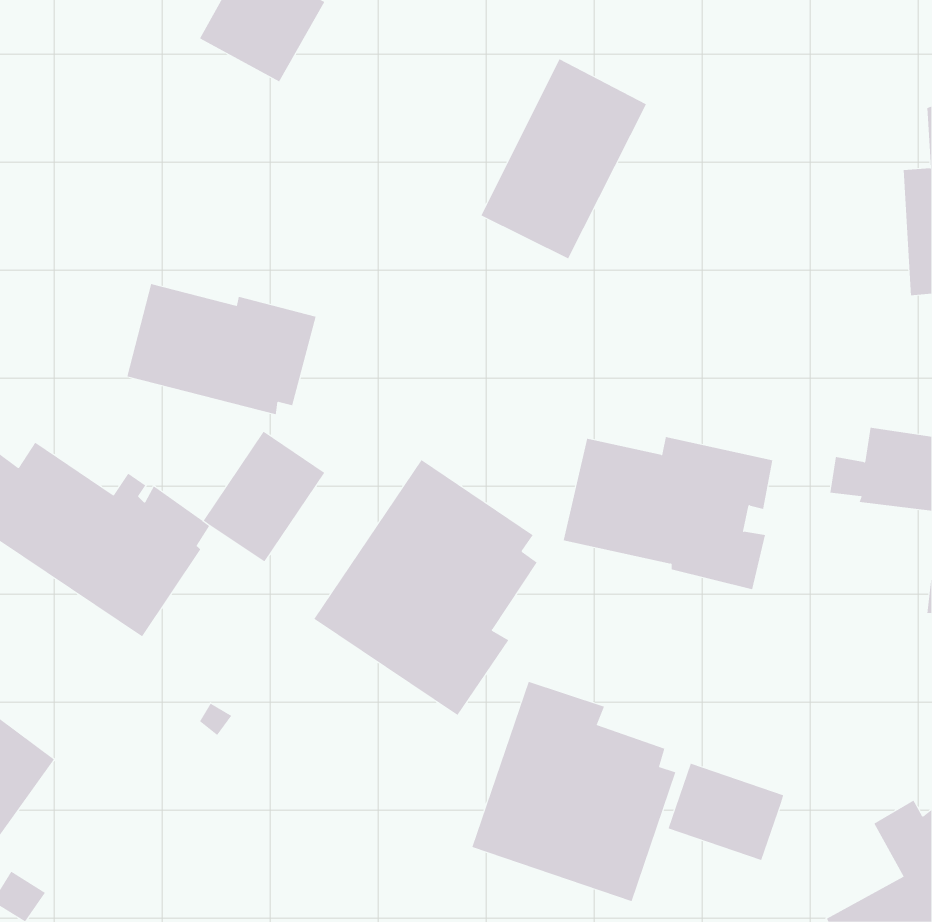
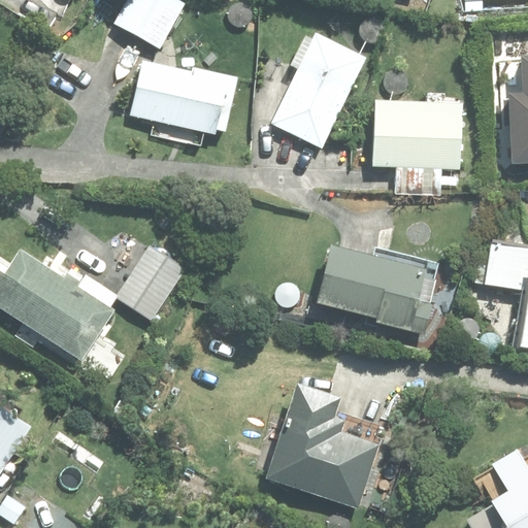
building: none -> [374,102,462,194]
building: [127,284,317,415] -> [130,61,237,135]
building: [314,459,537,716] -> none
building: [668,763,784,861] -> none

